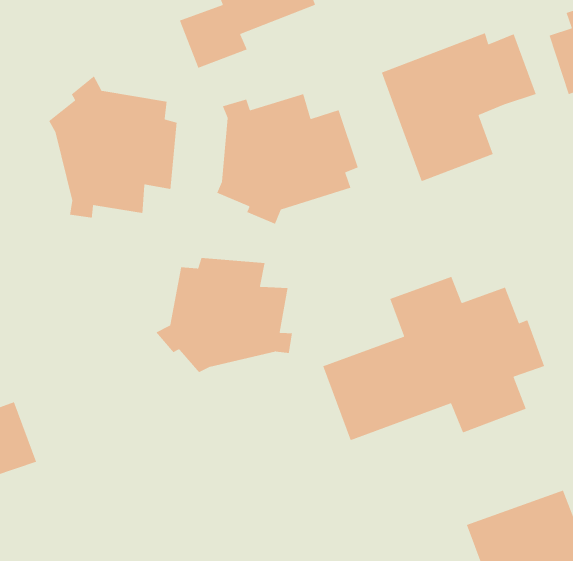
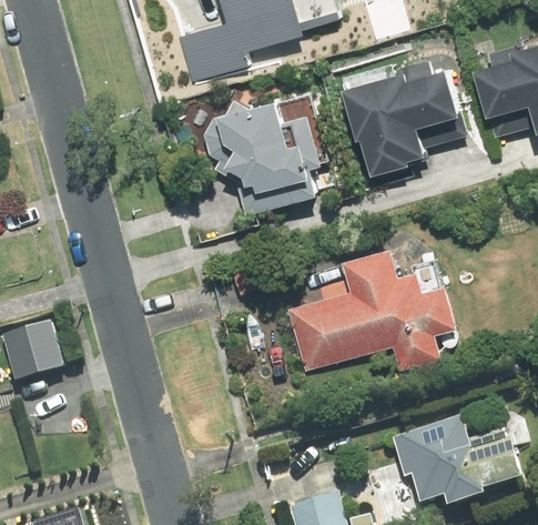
building: [48,75,177,219] -> none
building: [155,257,293,373] -> none

